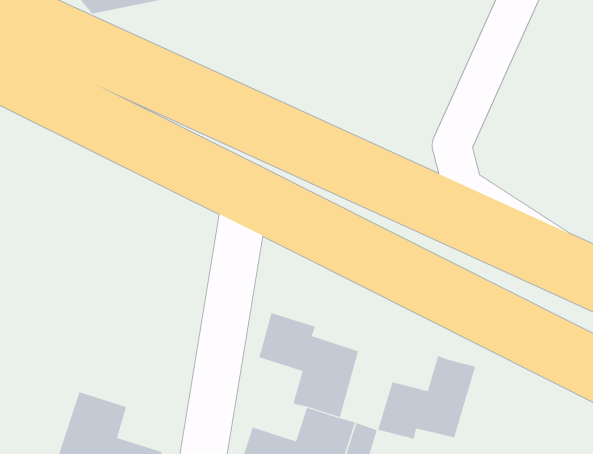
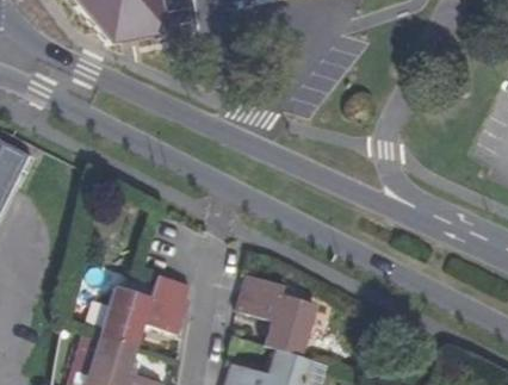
building: none -> [99,274,192,348]
building: [378,355,476,440] -> none

